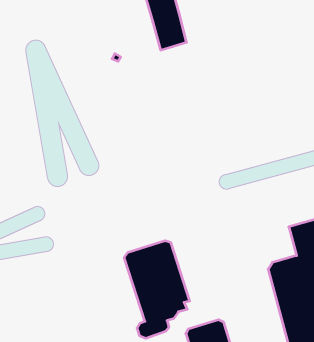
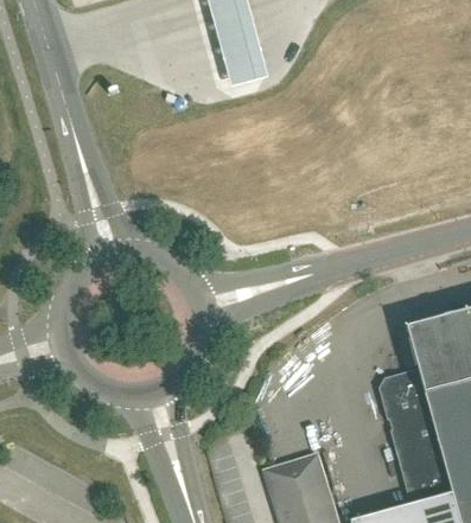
building: [124,241,190,338] -> none

